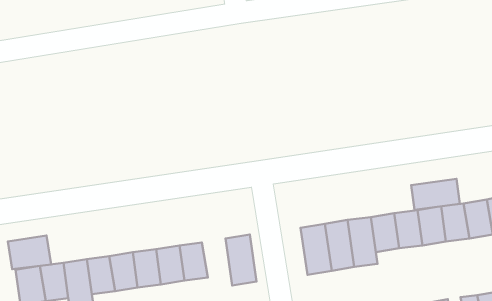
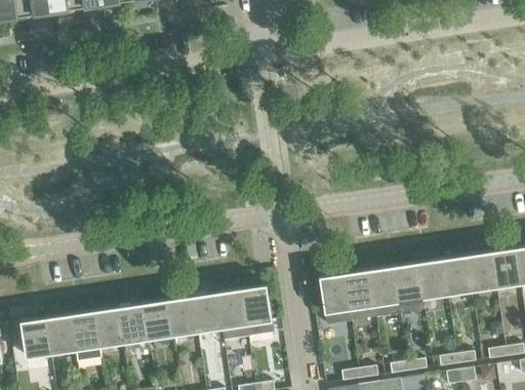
building: [411,179,460,210] -> none
building: [8,235,51,269] -> none
building: none -> [215,287,247,340]

